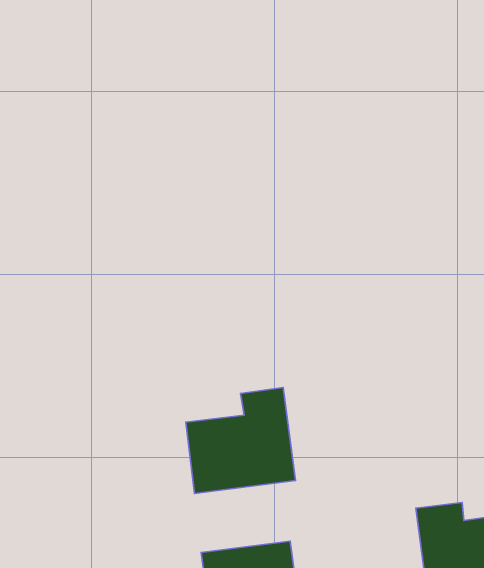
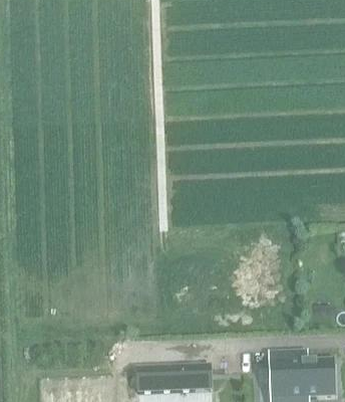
building: [186,388,295,493] -> none

